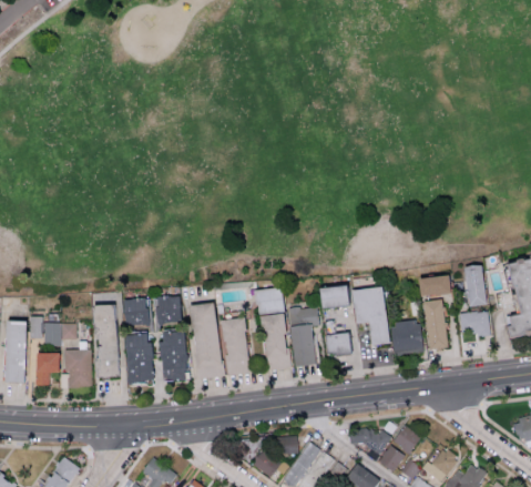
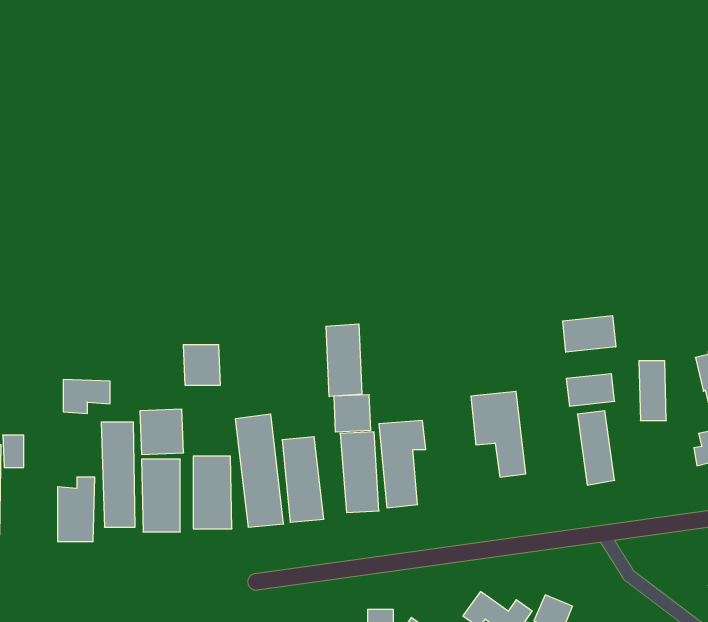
building: none -> [563,316,616,352]
building: none -> [326,324,362,397]
building: [319,284,347,307] -> none
building: [157,296,183,324] -> [183,345,220,385]
building: [461,312,491,336] -> none
building: [392,321,422,355] -> none
building: [45,323,78,346] -> [63,380,110,413]
building: [326,333,349,354] -> none
building: [35,352,58,386] -> none

